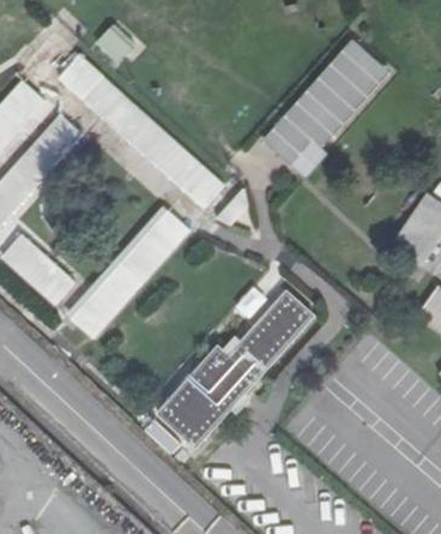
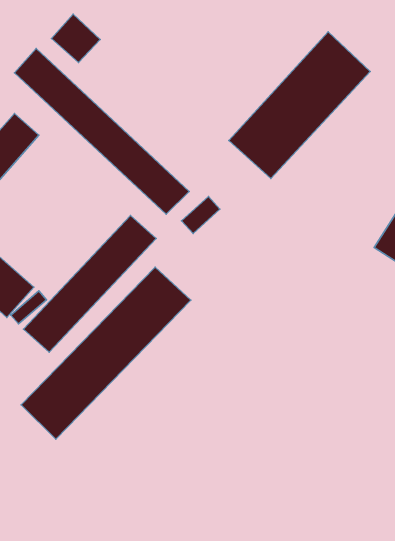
building: [157,286,316,448] -> [21,267,191,439]

